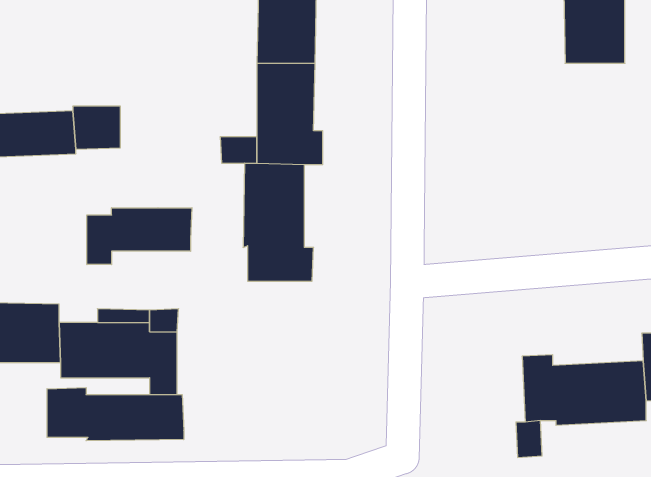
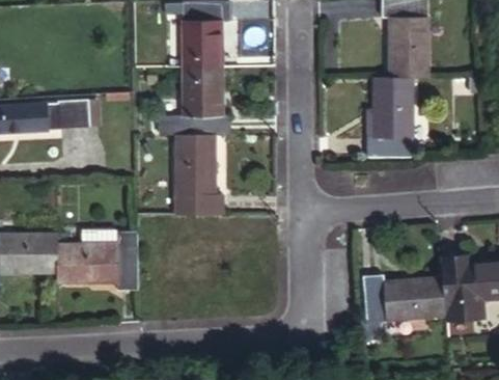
building: none -> [368,70,414,156]
building: [87,208,192,265] -> none
building: [47,388,184,441] -> none

